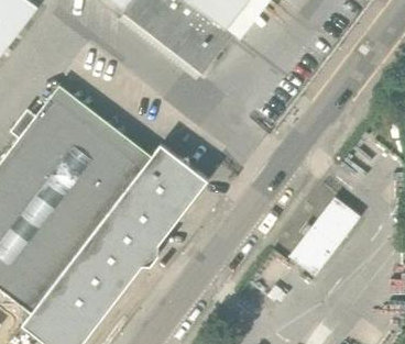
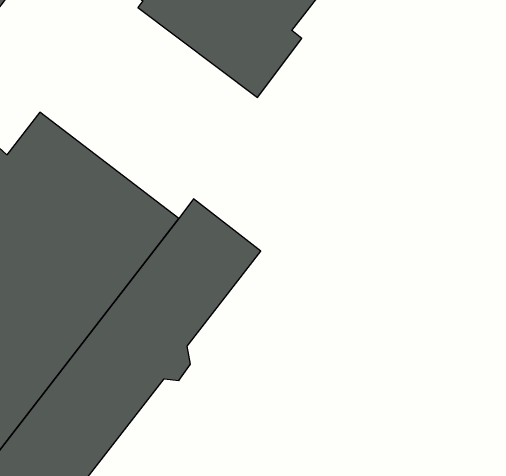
building: [287,196,359,275] -> none

